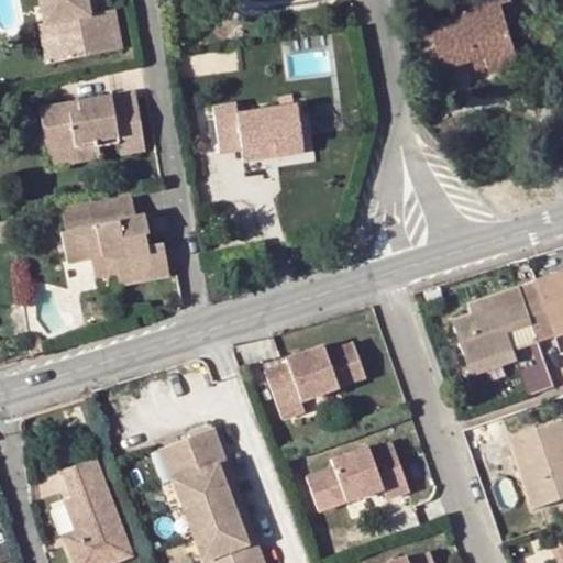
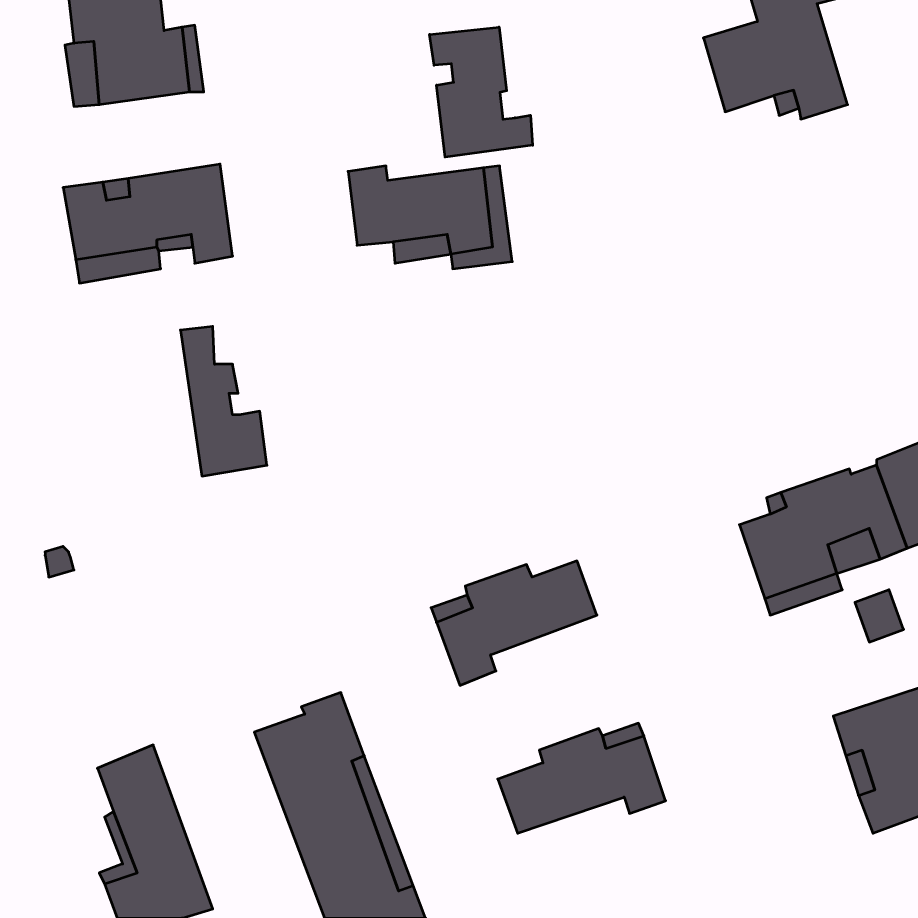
building: none -> [430,27,533,157]
building: [59,201,125,291] -> none

